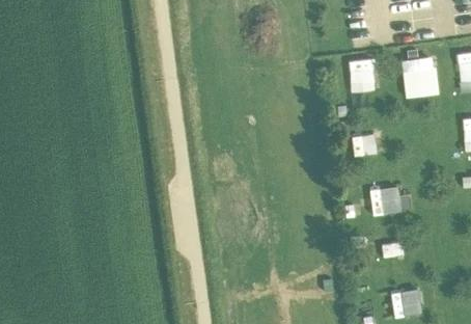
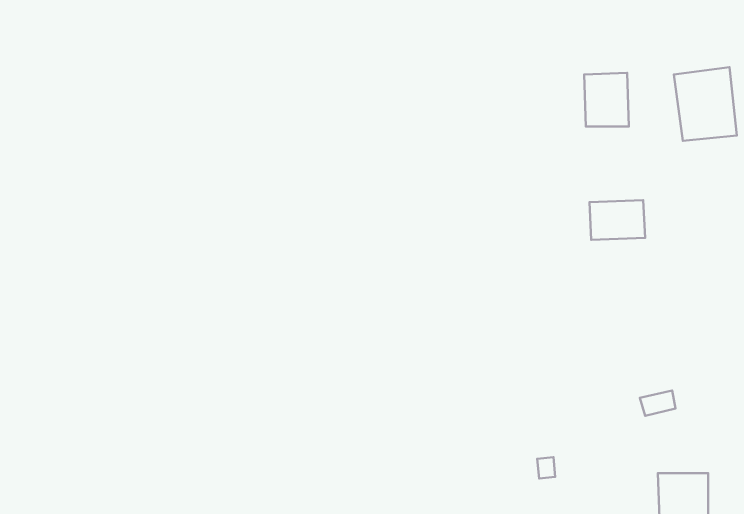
building: [369,185,404,217] -> none

